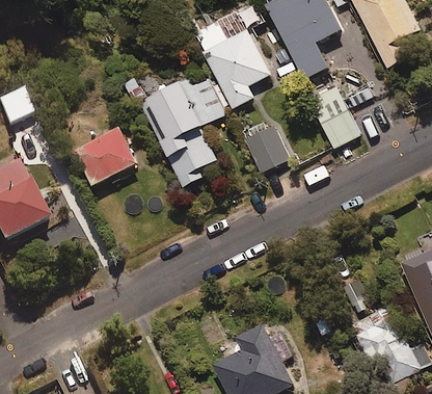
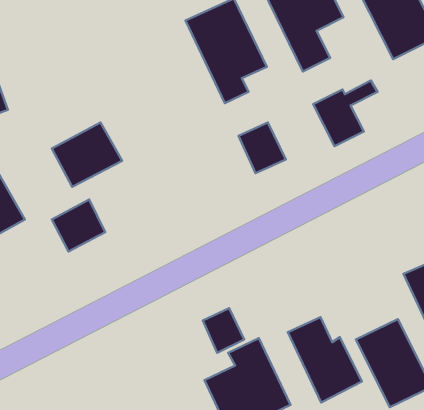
building: [137,73,225,185] -> none
building: none -> [52,199,105,252]
building: none -> [203,308,244,353]
building: none -> [288,317,362,402]

